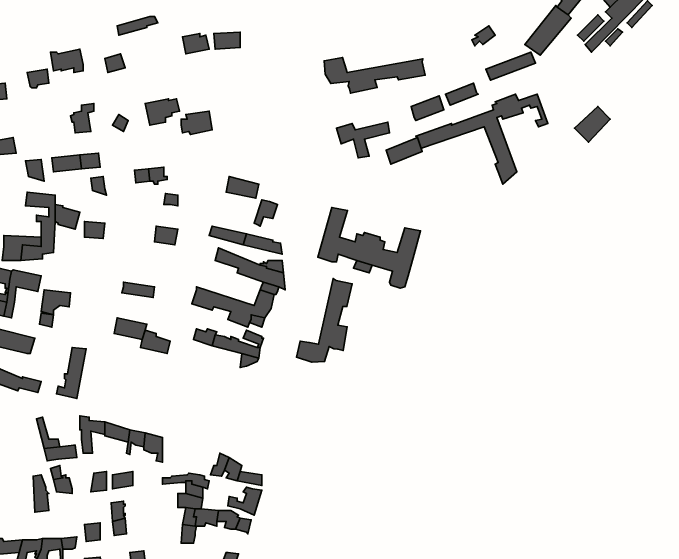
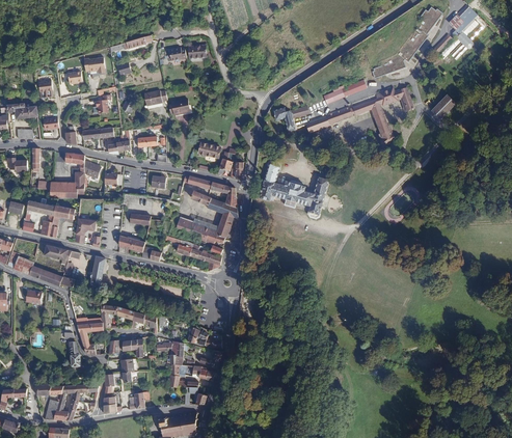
building: [324,57,425,93] -> none
building: [297,279,352,362] -> none

